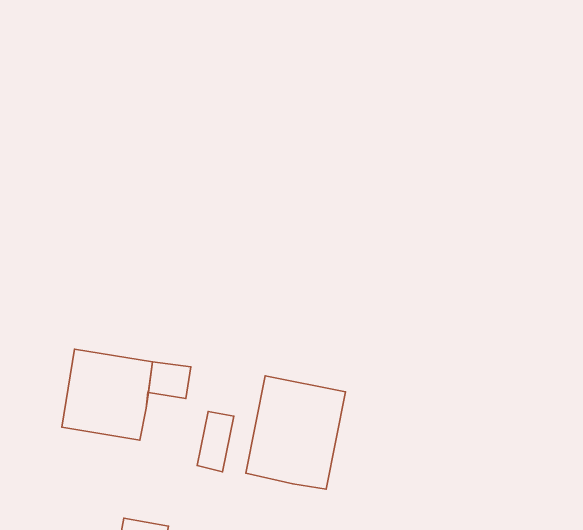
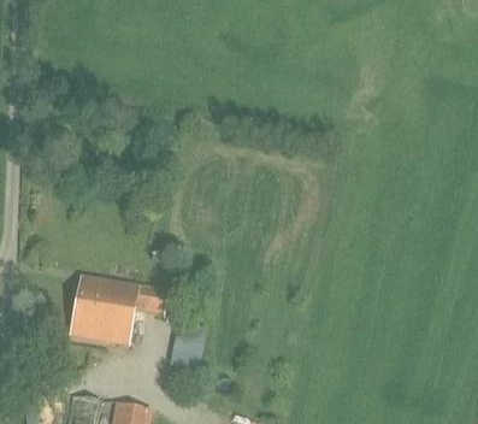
building: [246,376,345,489] -> none

